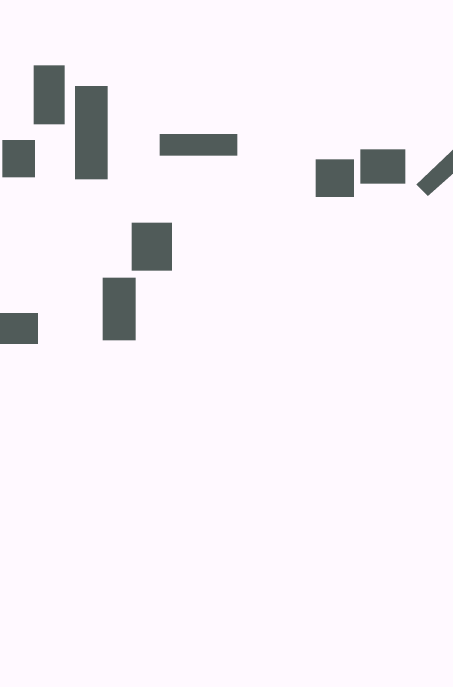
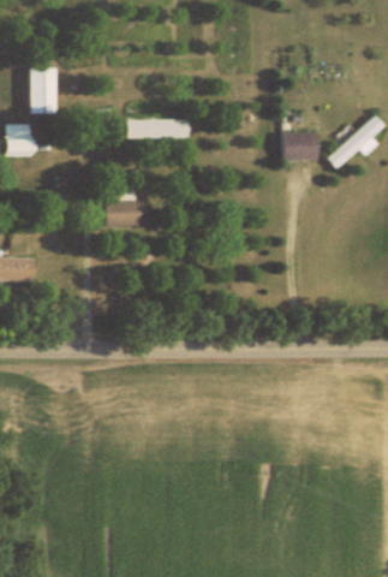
building: [74,85,108,180] -> none
building: [315,158,355,198] -> none
building: [102,277,137,341] -> none

